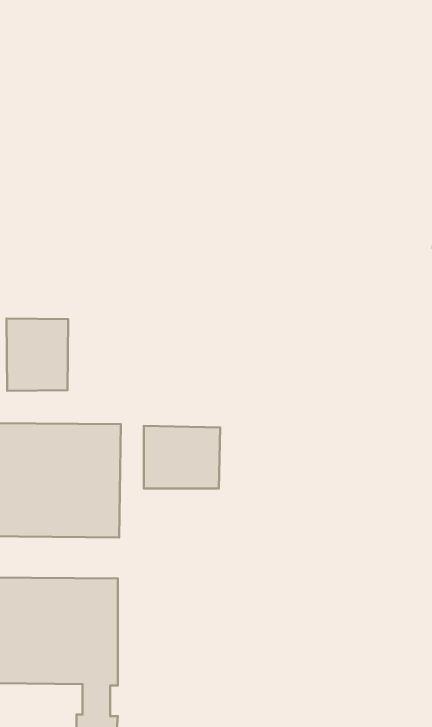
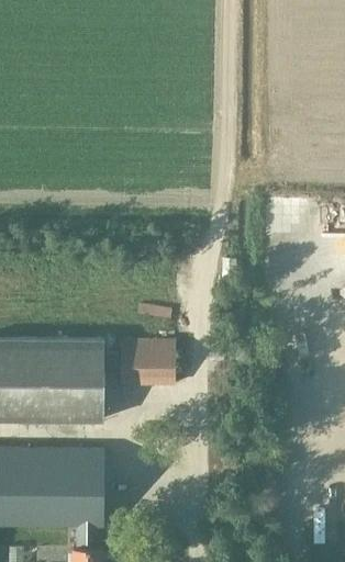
building: [6,319,68,391] -> none

